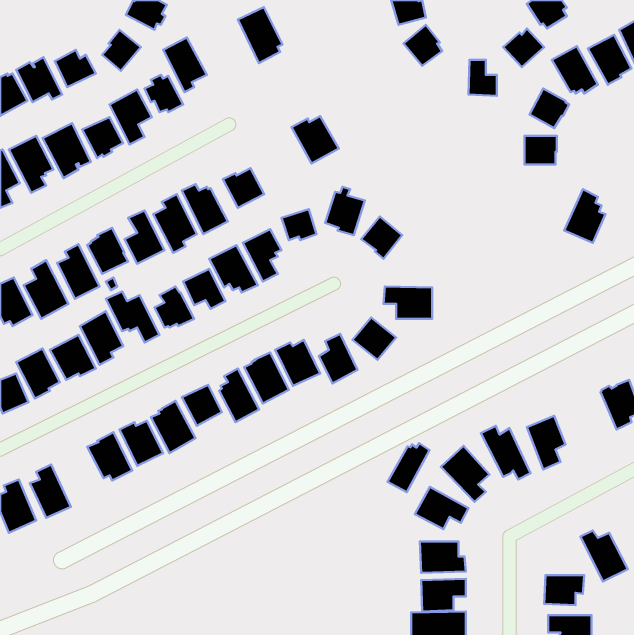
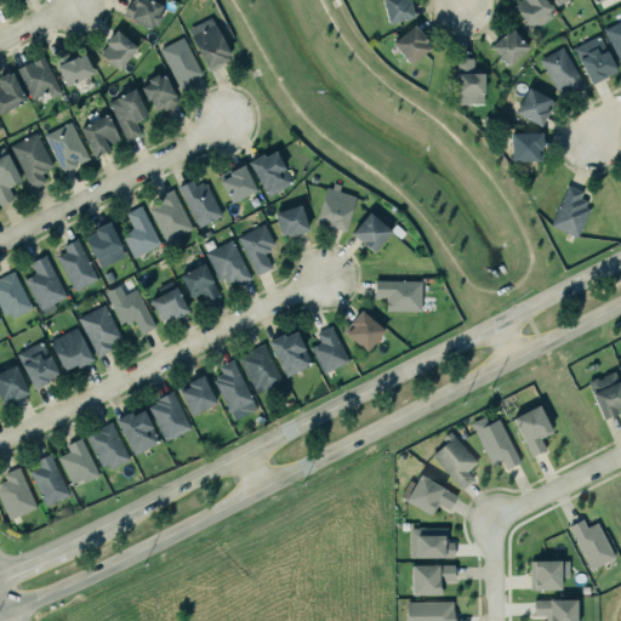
building: [238,7,283,63] -> [189,17,233,72]
building: [292,116,339,163] -> [250,152,296,198]
building: [387,443,430,492] -> none
building: none -> [59,439,101,484]

